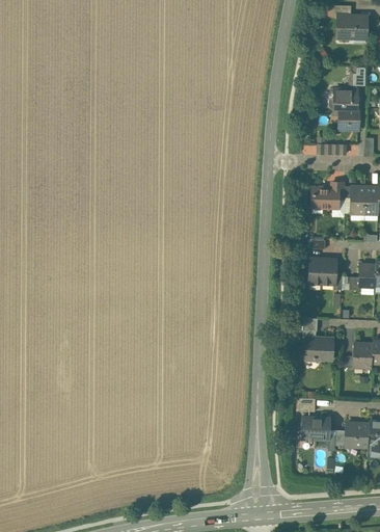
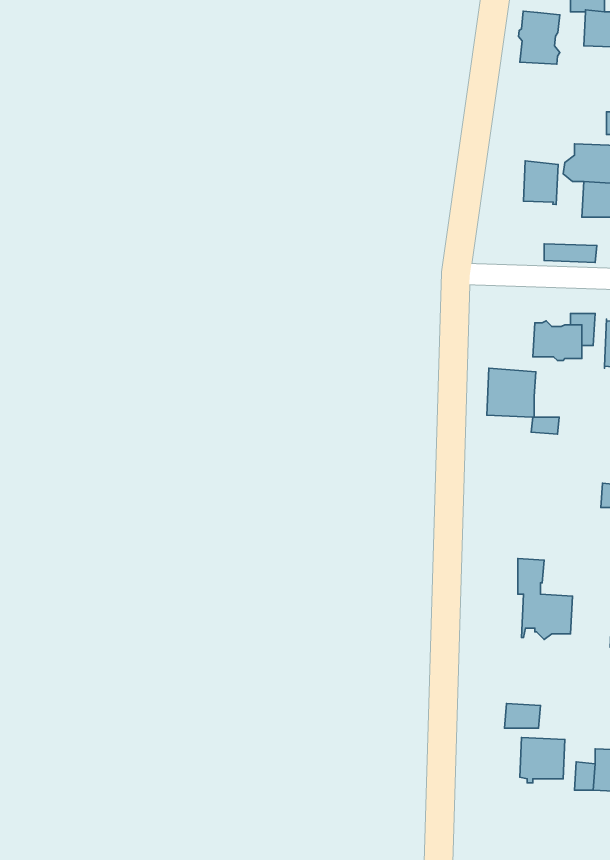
building: none -> [519,11,560,64]
building: none -> [523,161,558,205]
building: [309,258,336,285] -> [487,368,536,417]

